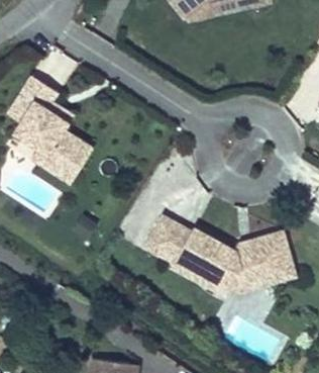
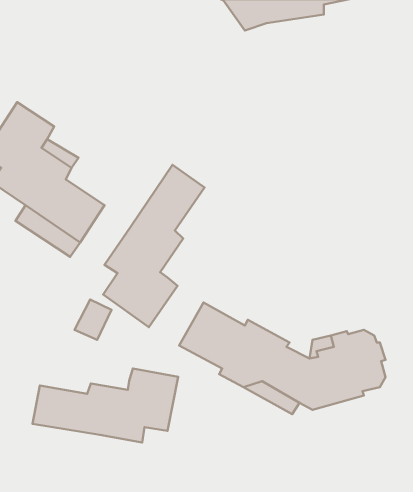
building: none -> [103,165,205,327]
building: none -> [33,369,178,442]

